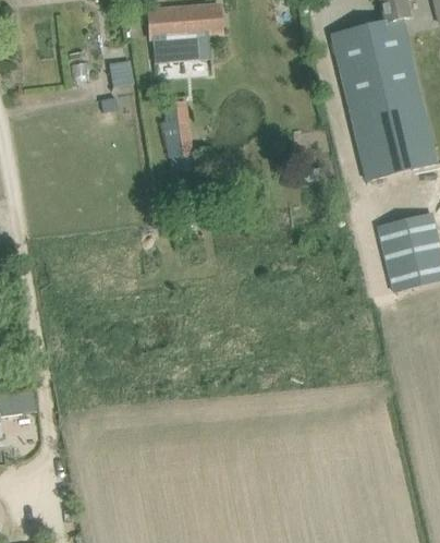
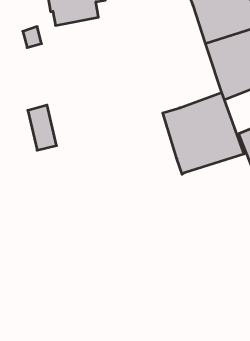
building: [161,99,194,157] -> [28,105,57,150]
building: none -> [163,93,244,174]

